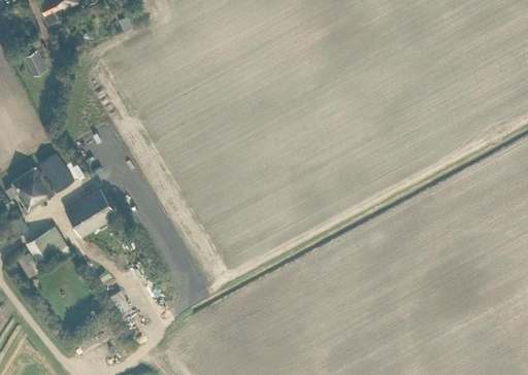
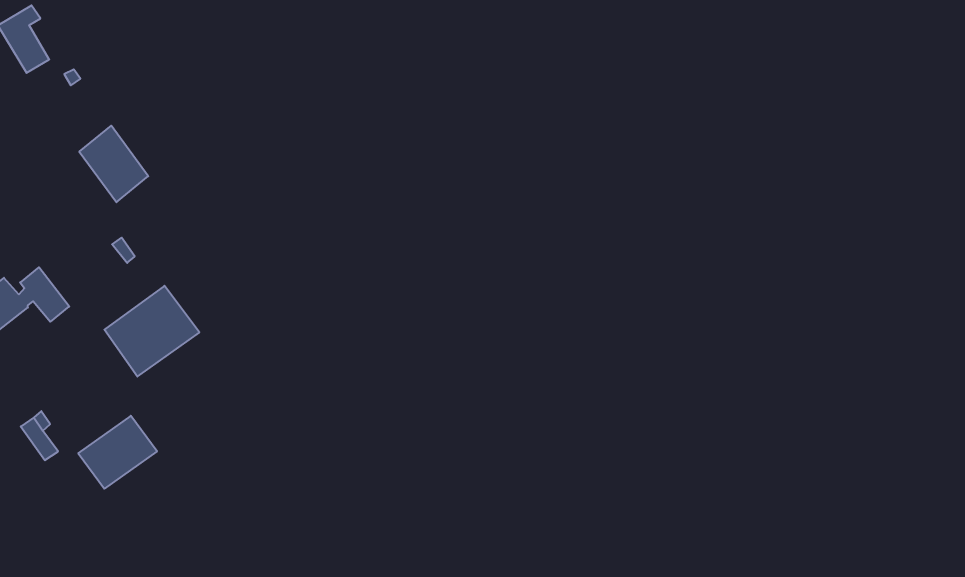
building: [38,154,73,194] -> [79,126,148,202]
building: [25,227,66,264] -> [78,416,157,489]

